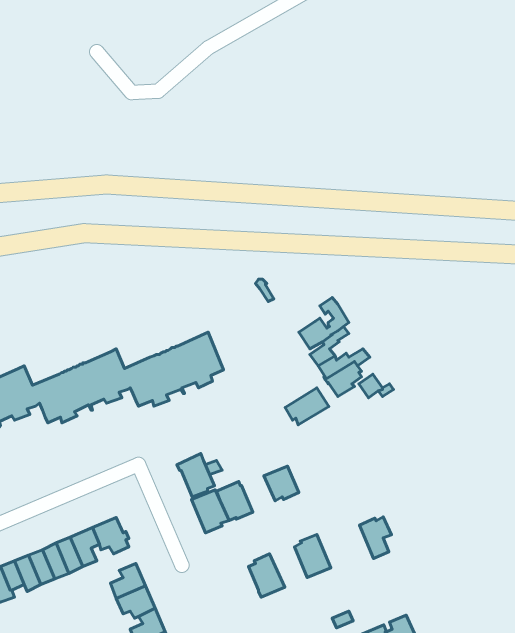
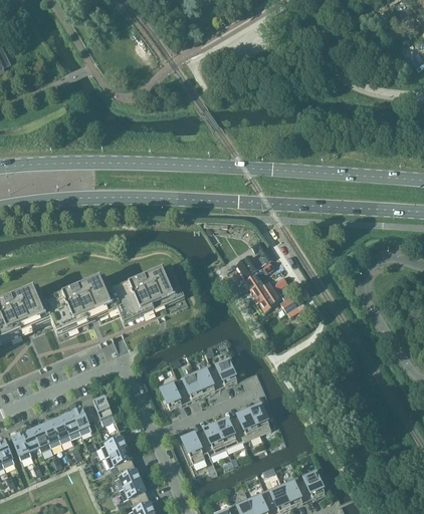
building: [285,388,329,425] -> none
building: [177,454,215,497] -> [191,362,218,394]
building: [359,517,392,559] -> [248,404,271,434]
building: none -> [214,419,241,448]
building: none -> [181,433,206,462]

